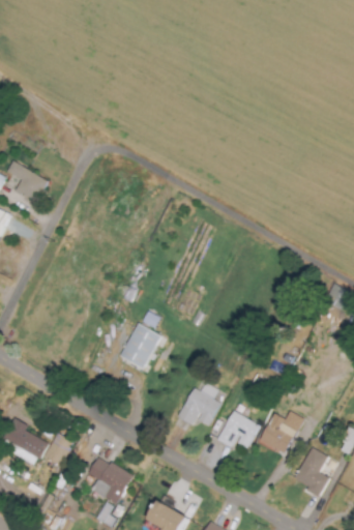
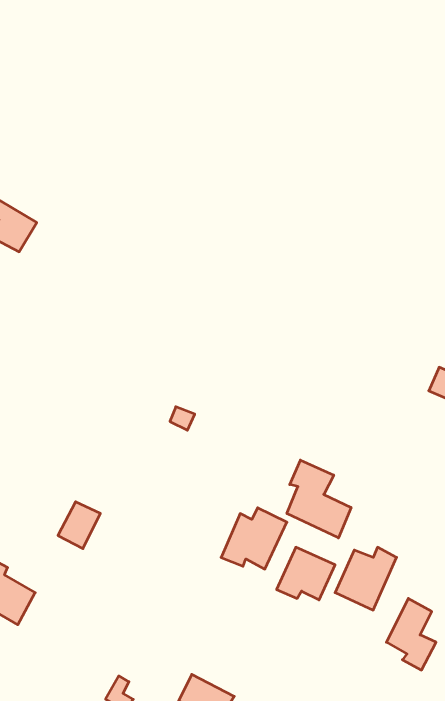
building: [120,324,160,369] -> none
building: none -> [287,460,351,538]
building: [42,433,72,466] -> [58,502,100,549]
building: [87,455,131,504] -> none

